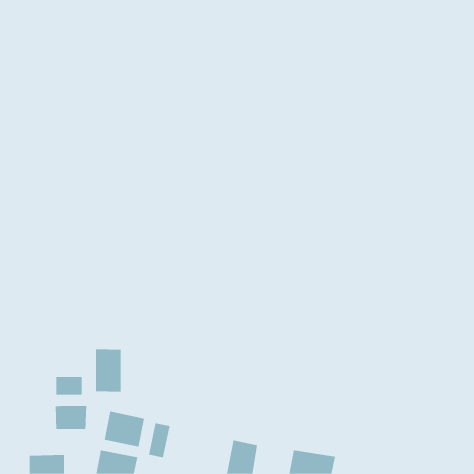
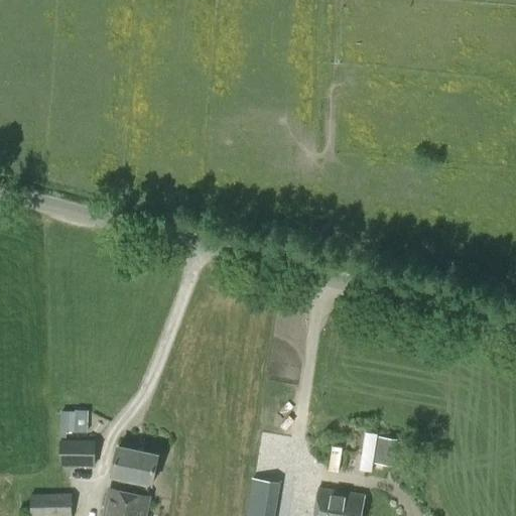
building: [95,348,121,392] -> none
building: none -> [374,436,398,467]
building: [148,422,170,458] -> none

